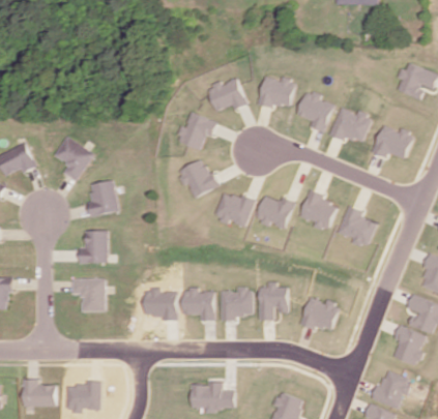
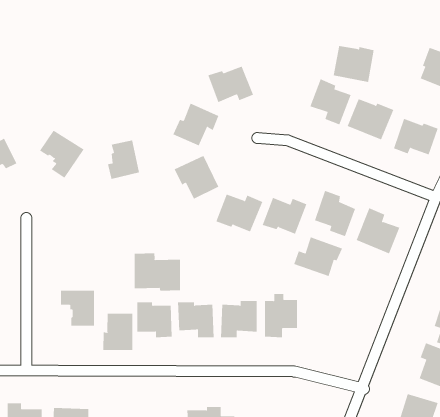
building: [259,77,296,110] -> [333,45,375,83]
building: [90,180,119,215] -> [107,140,140,179]
building: none -> [294,237,343,277]
building: [83,231,109,262] -> none
building: none -> [134,252,181,292]
building: [300,298,339,332] -> none
building: none -> [103,313,133,351]

